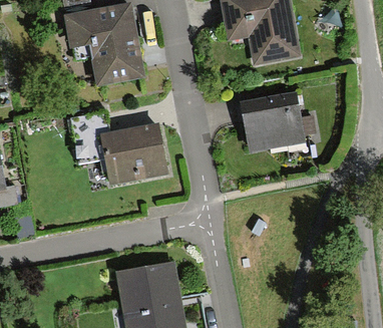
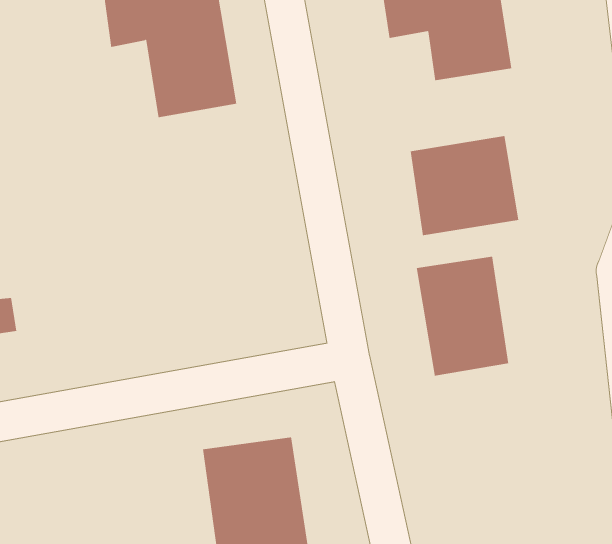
building: [73,112,162,183] -> none
building: none -> [416,256,509,376]

